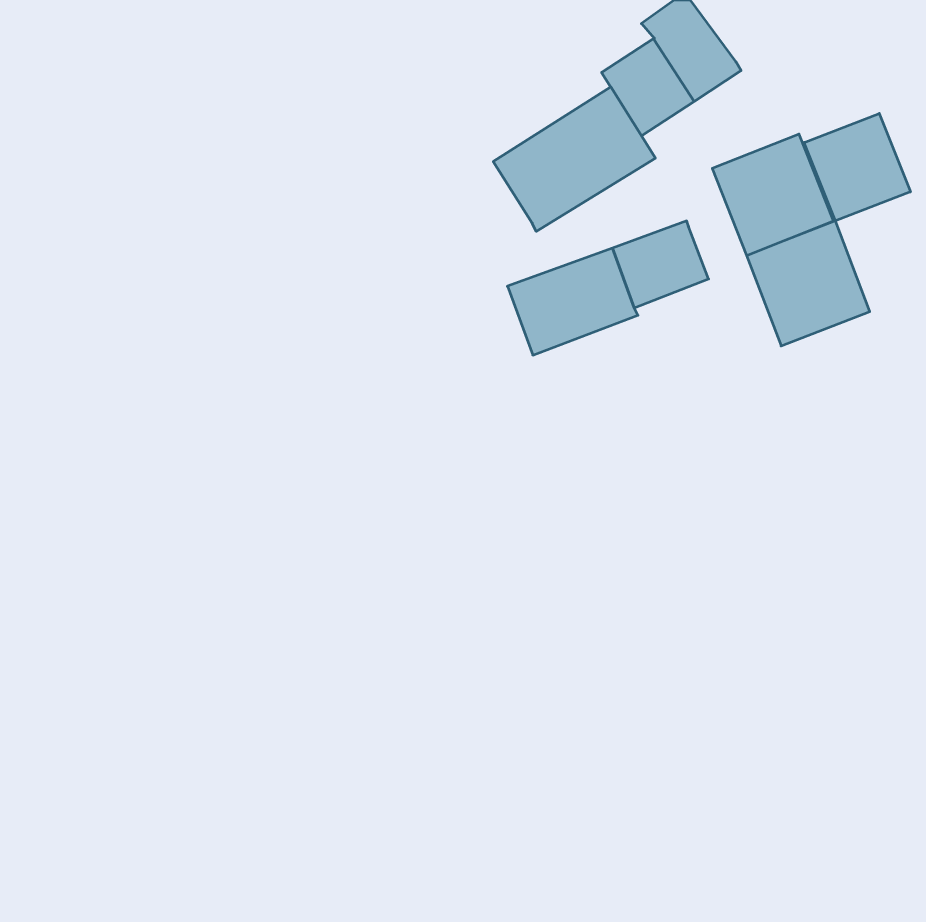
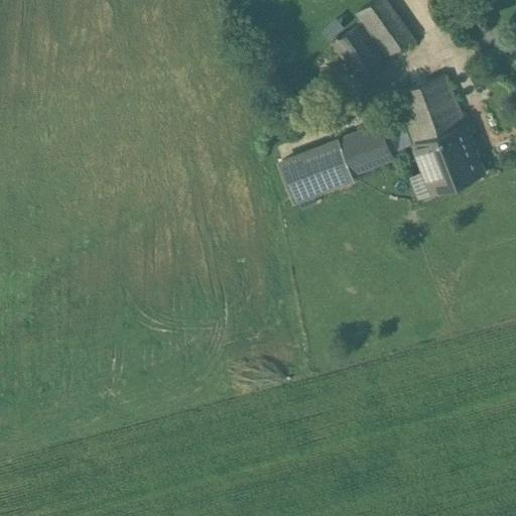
building: [493,87,655,231] -> none
building: [804,113,910,221] -> none

